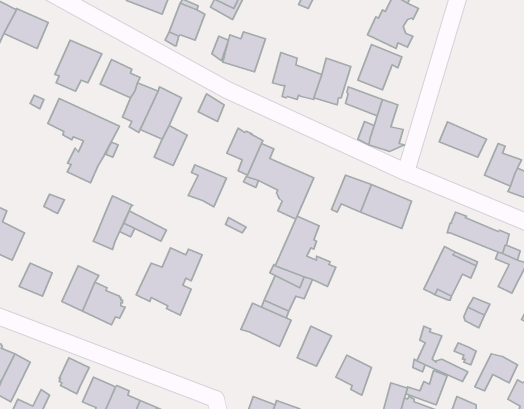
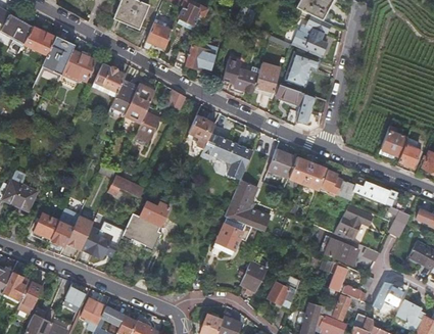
building: none -> [42,35,74,74]
building: [48,99,119,183] -> none
building: [439,122,486,157] -> none
building: [188,165,226,207] -> none
building: [93,196,133,249] -> [49,208,79,248]
building: none -> [321,169,353,199]
building: none -> [320,234,358,266]
building: [241,303,291,347] -> none

